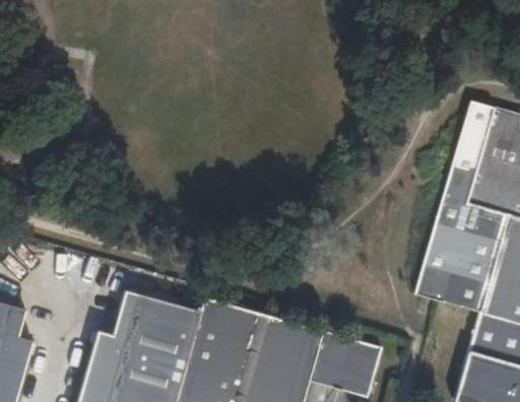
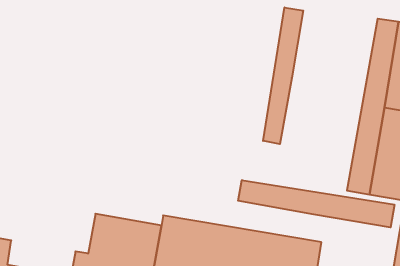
building: none -> [263,7,303,144]
building: none -> [238,180,394,227]

